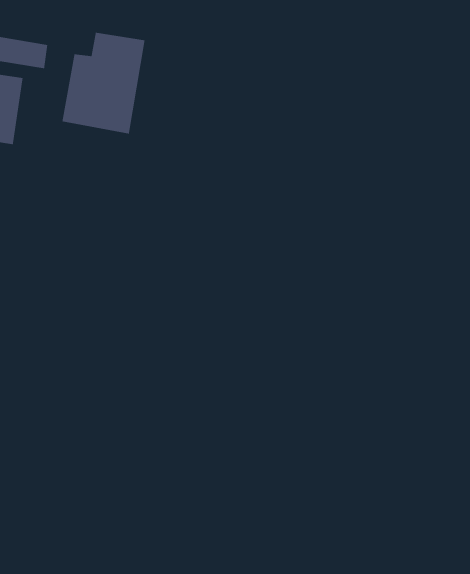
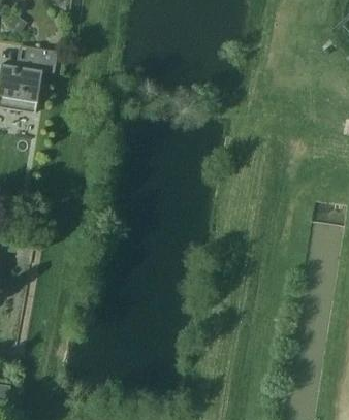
building: [62,32,145,134] -> none

